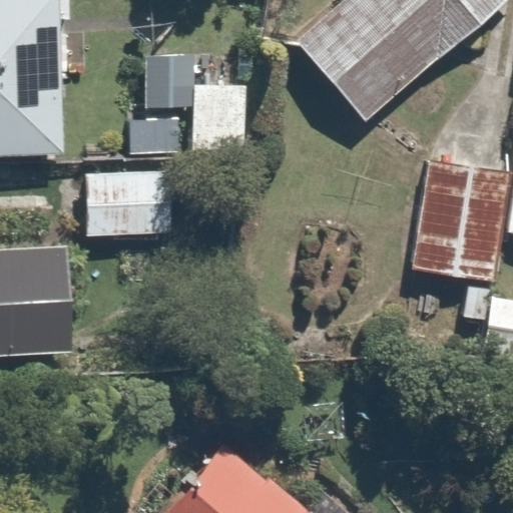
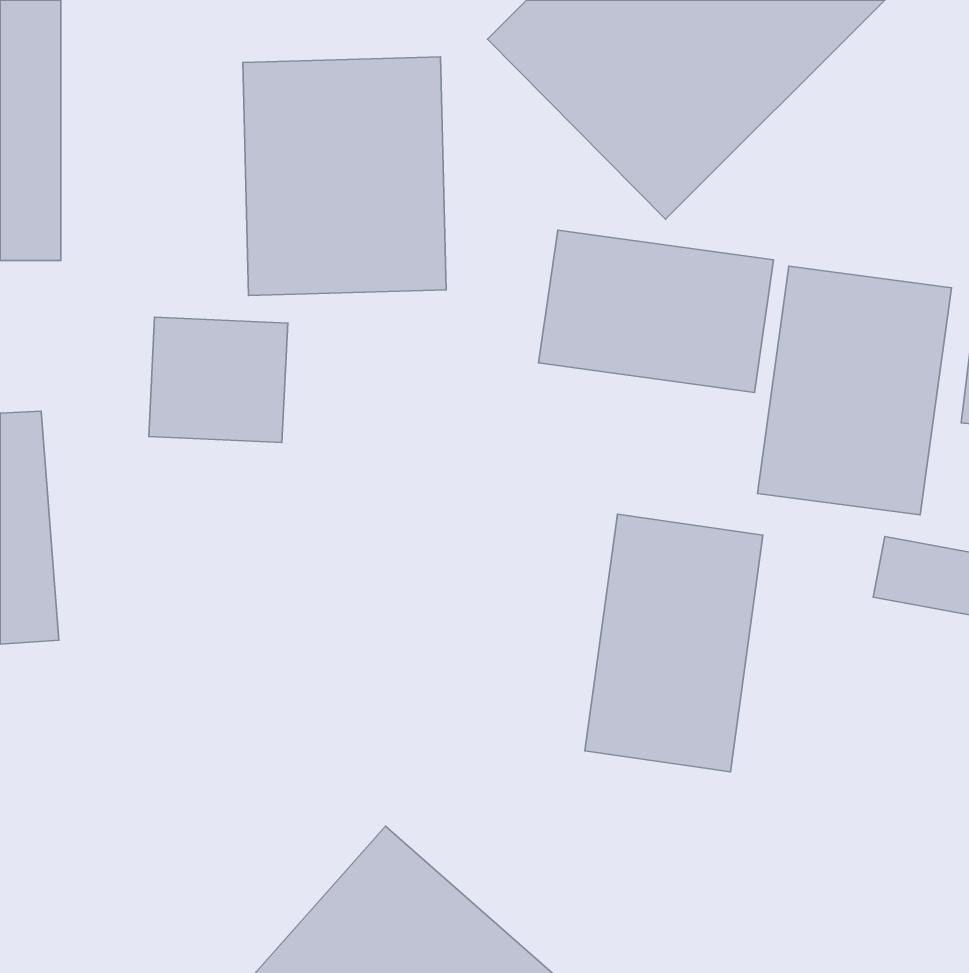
building: none -> [539,230,774,393]
building: none -> [585,514,763,772]

